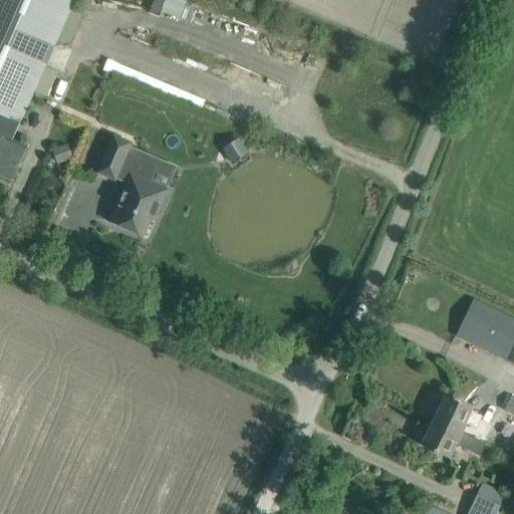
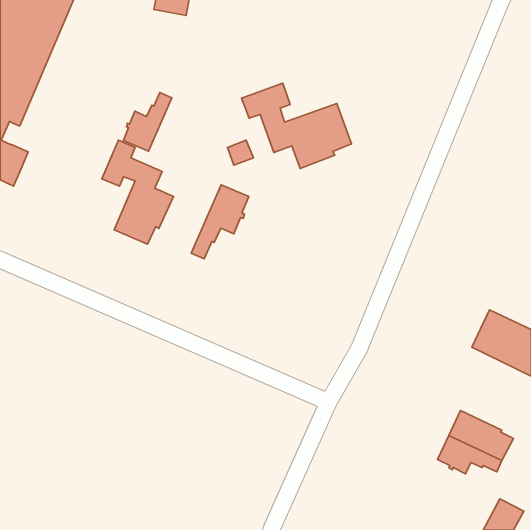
building: none -> [242,83,352,168]
building: none -> [123,93,172,151]
building: none -> [191,185,249,259]

